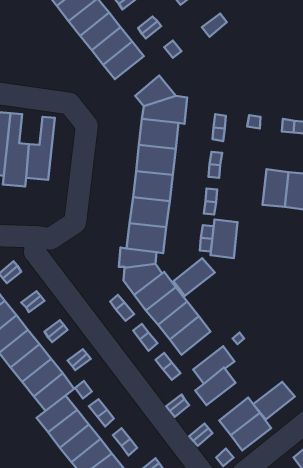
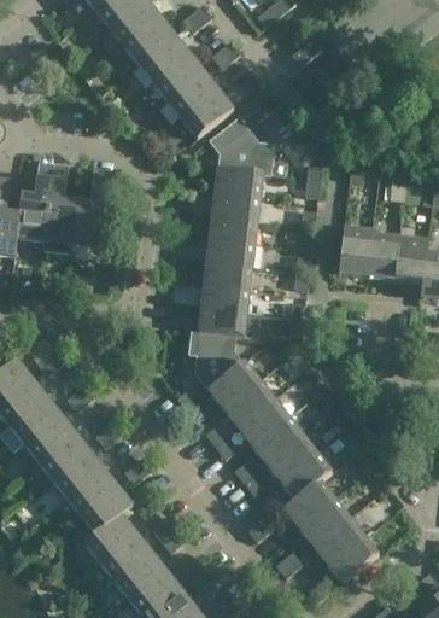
building: none -> [183,91,235,139]
building: [211,219,238,258] -> [339,228,373,276]
building: [173,258,215,296] -> [267,435,318,482]
building: [253,382,295,420] -> [298,499,350,546]

